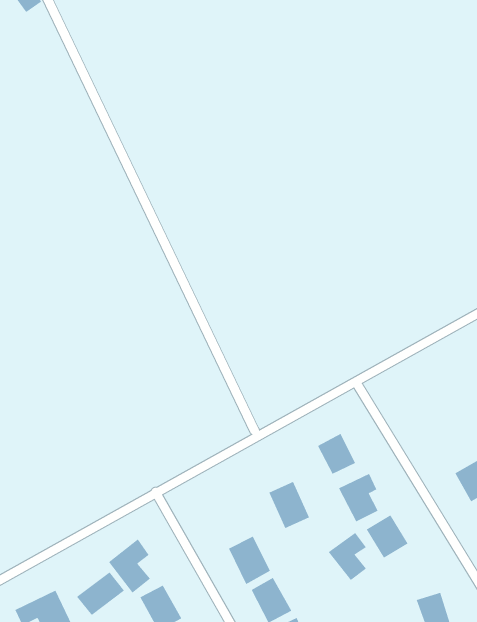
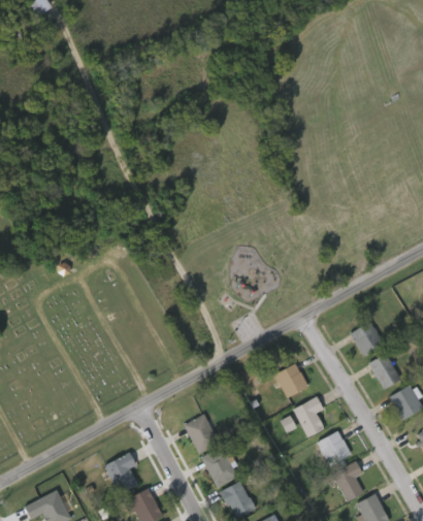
building: none -> [350,322,384,357]
building: none -> [368,354,400,390]
building: [269,481,310,529] -> [185,415,219,454]
building: [328,532,367,581] -> [331,460,363,500]
building: [76,571,125,616] -> none

